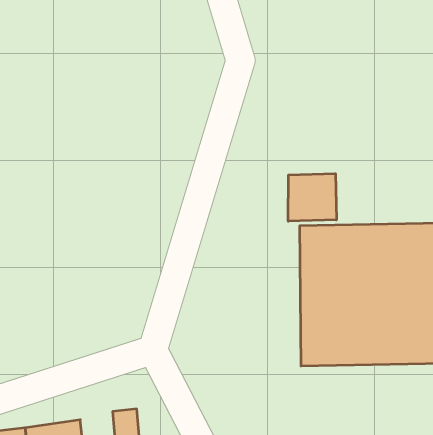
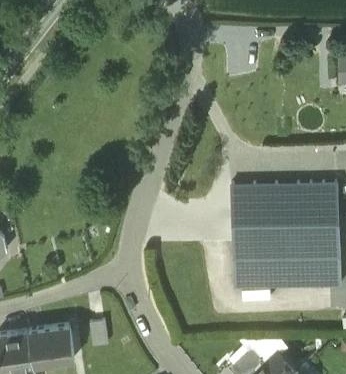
building: [288,174,336,221] -> none

